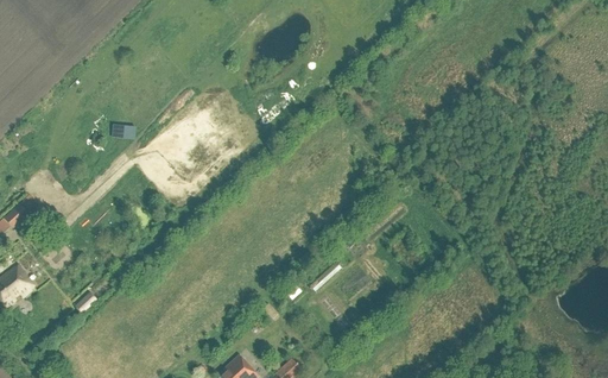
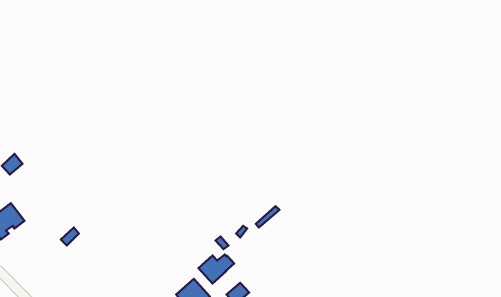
building: none -> [199,255,234,284]

